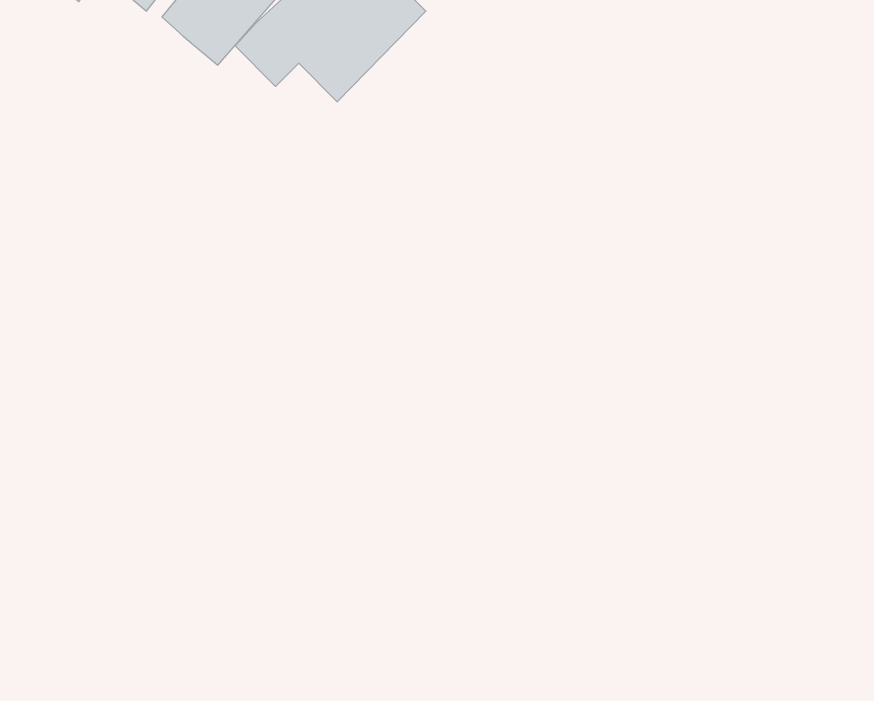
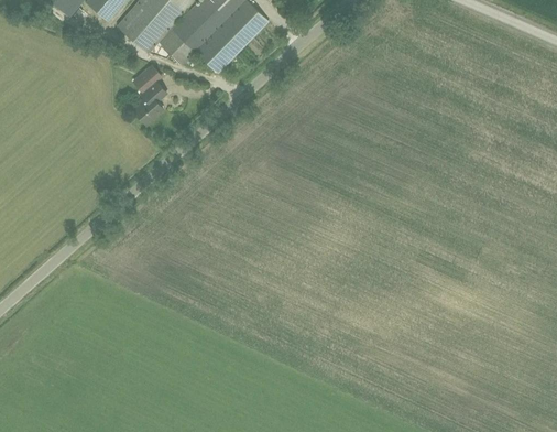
building: none -> [132,68,166,121]

